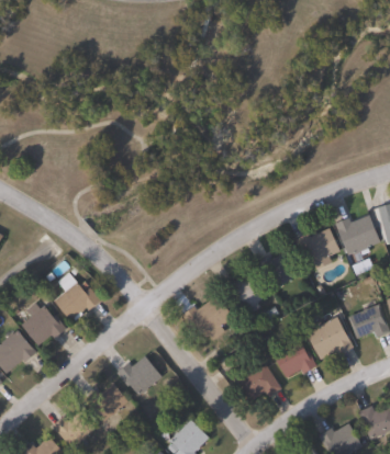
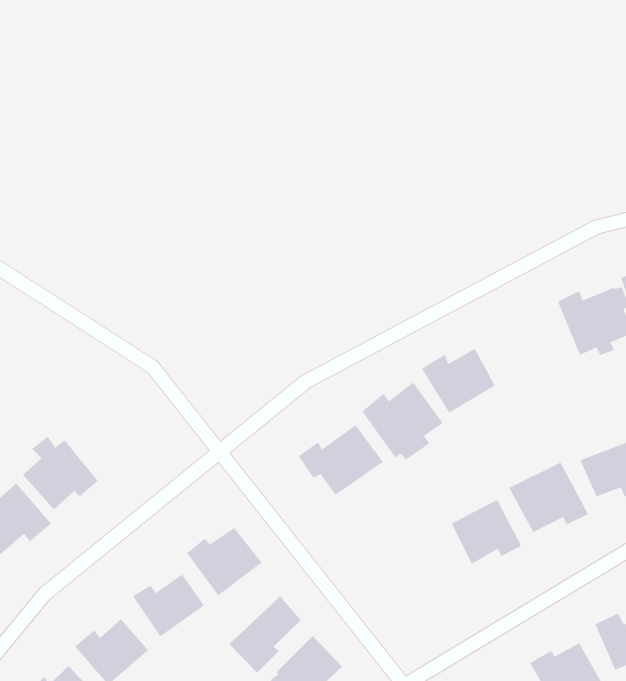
building: [296,227,341,270] -> none
building: [54,272,101,322] -> none
building: [237,363,282,400] -> none
building: none -> [229,596,302,673]

